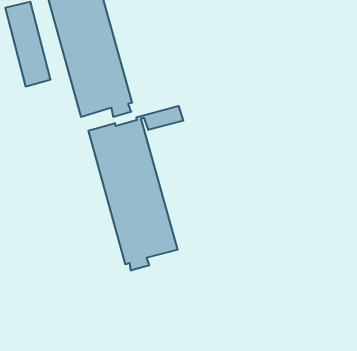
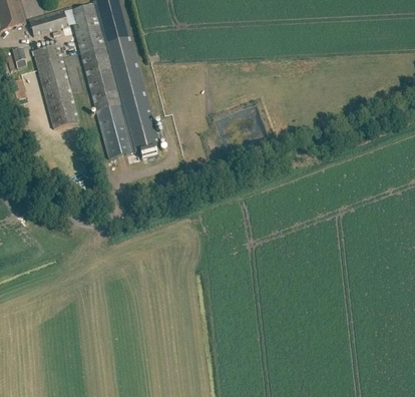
building: [88,106,183,271] -> none

